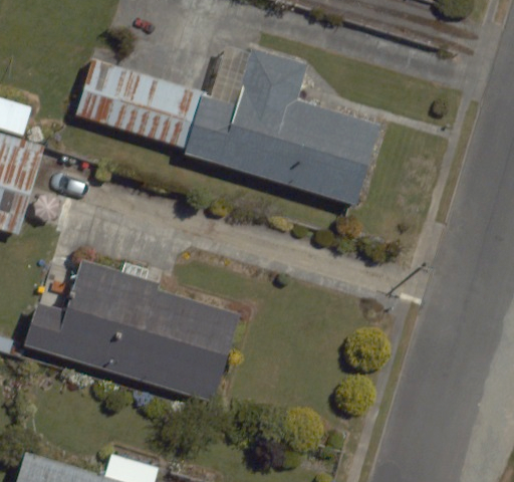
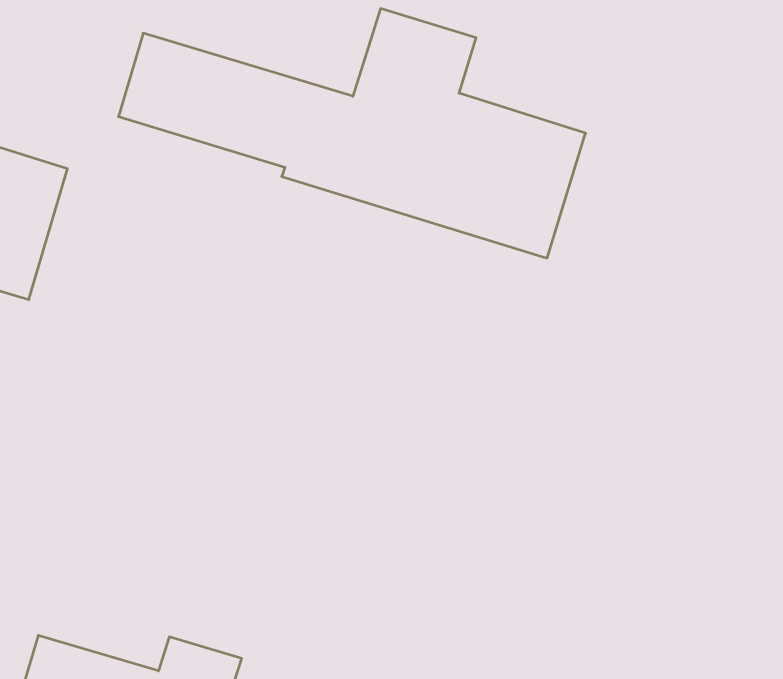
building: [22,258,237,403] -> none

